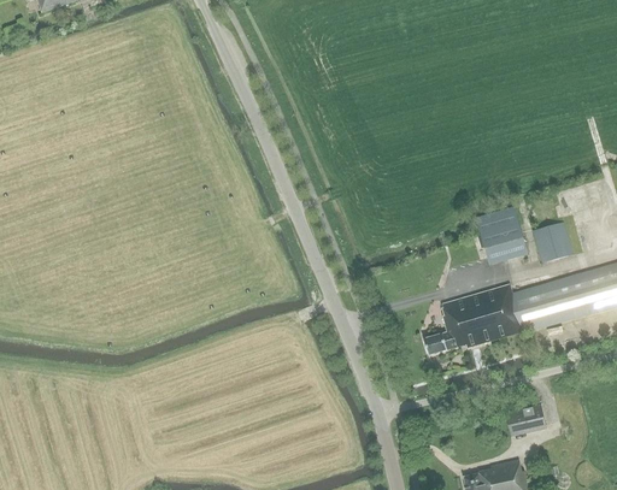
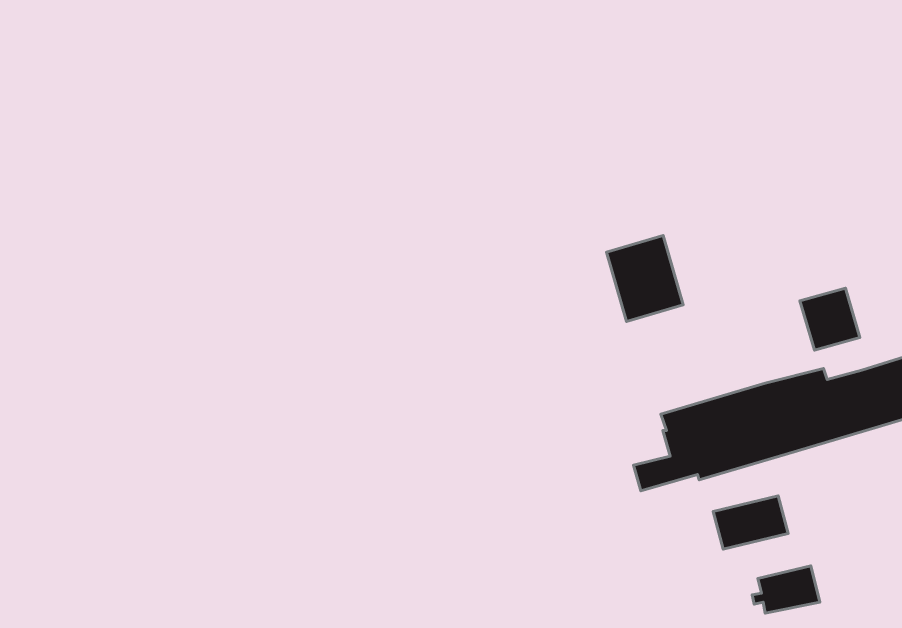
building: [476,206,527,262] -> [607,236,683,321]
building: none -> [713,496,788,549]

